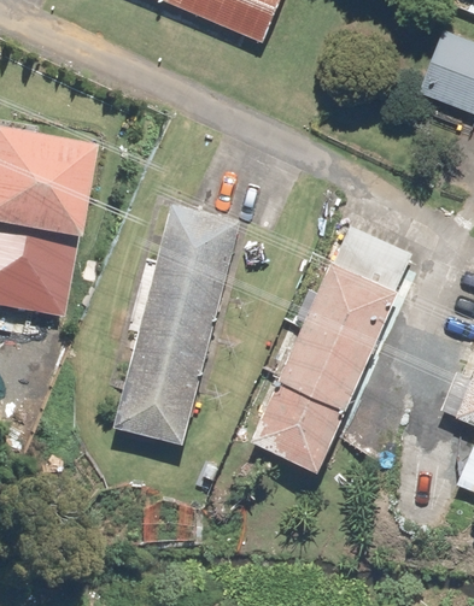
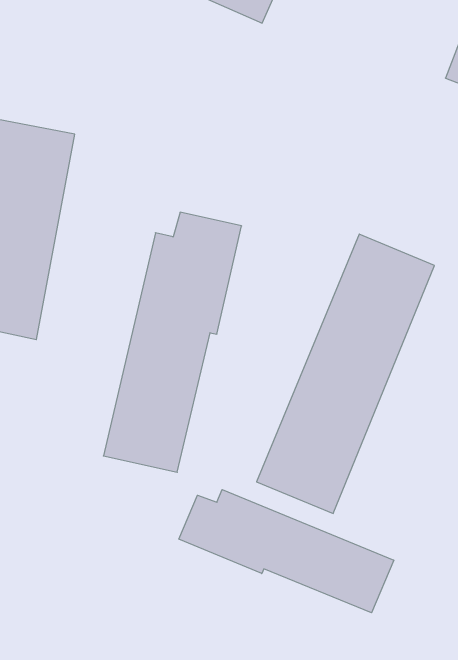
building: none -> [179,490,394,613]

